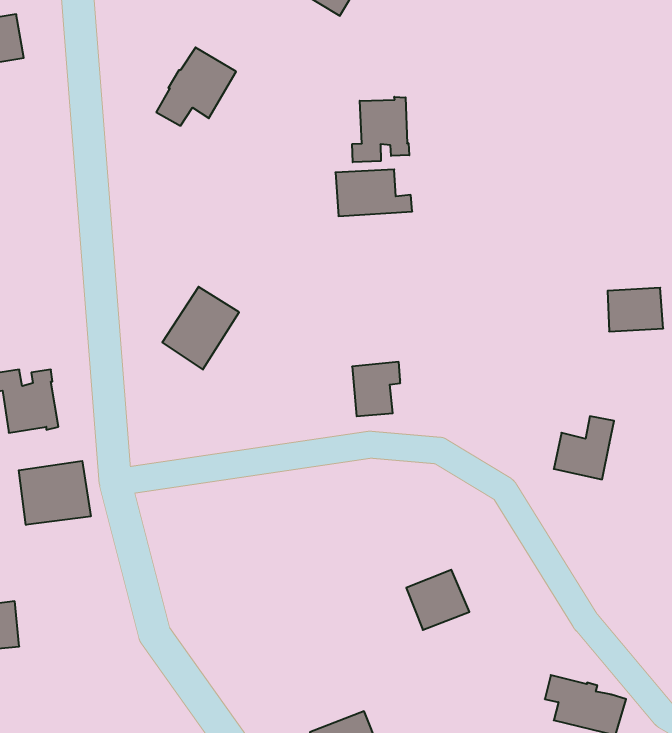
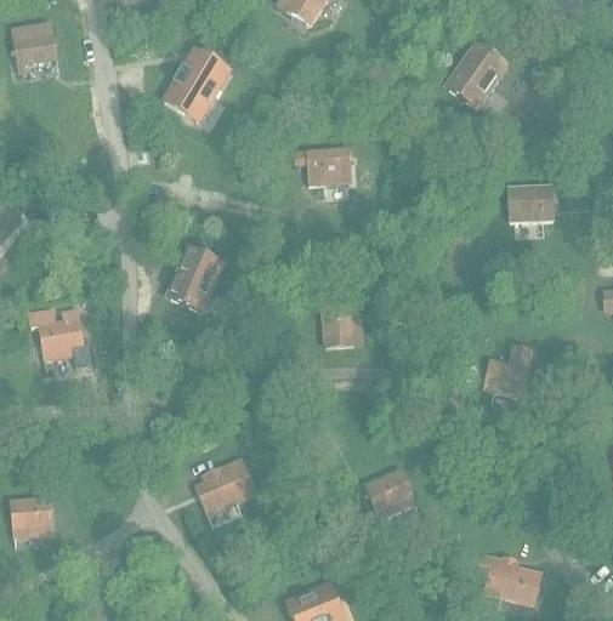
building: none -> [444,42,506,108]
building: [352,97,409,162] -> none
building: [608,288,663,331] -> [507,187,552,222]
building: [19,461,91,525] -> none
building: none -> [195,463,246,526]

